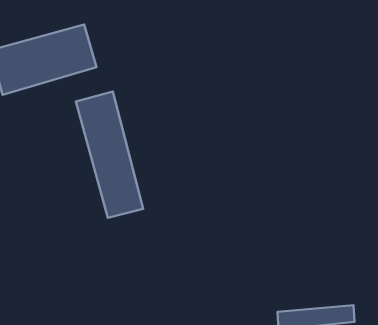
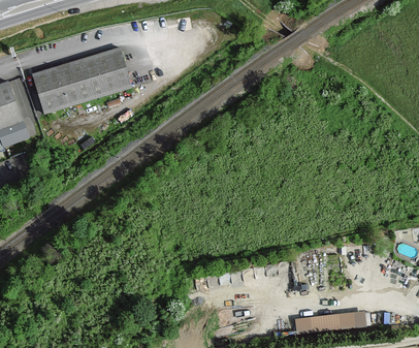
building: [76,91,143,218] -> none

